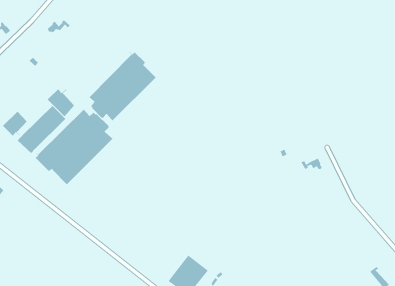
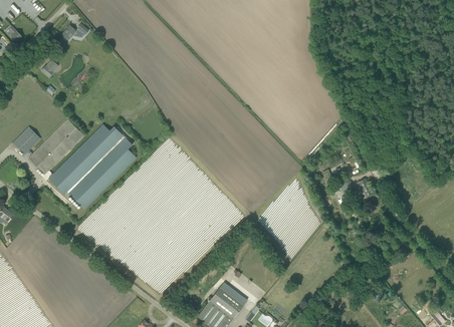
building: [88,51,156,122] -> none
building: [47,88,75,117] -> none

